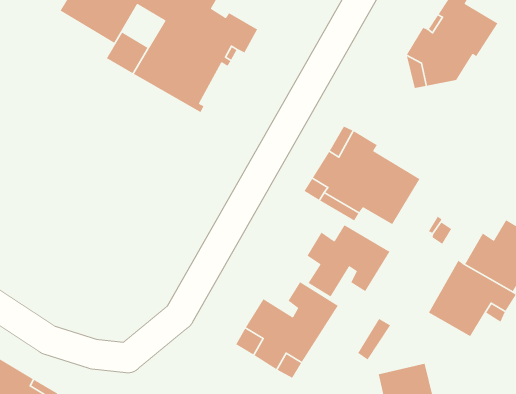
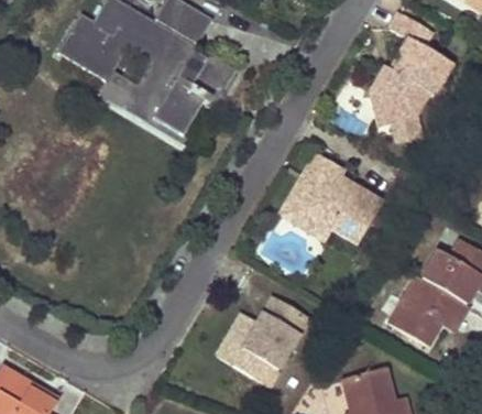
building: [307,224,390,297] -> none

